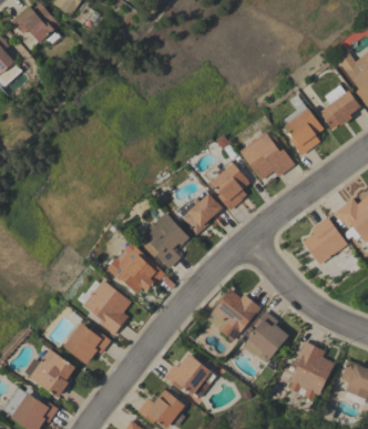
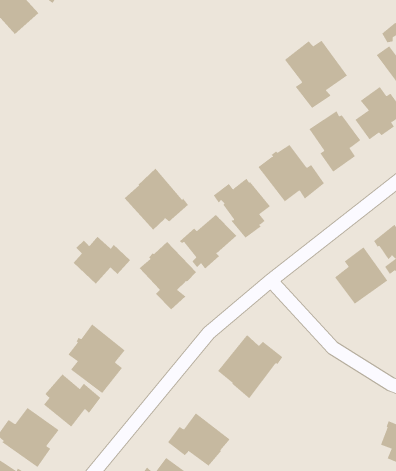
building: none -> [284,40,348,109]
building: none -> [124,168,189,231]
building: [117,254,165,294] -> [73,236,131,284]
building: [243,310,289,362] -> none
building: [288,340,335,395] -> none

